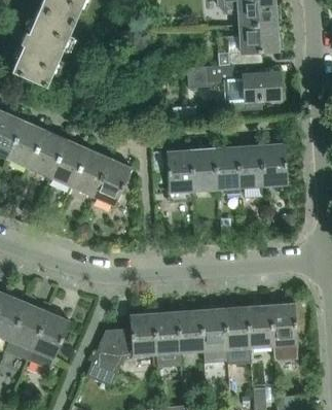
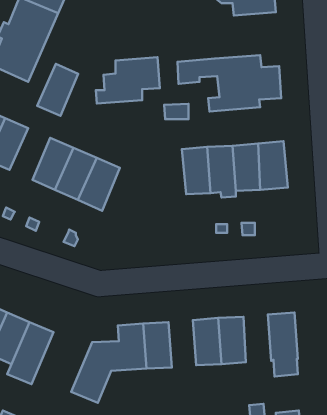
building: [219,22,279,65] -> [96,57,160,103]
building: [29,130,67,178] -> [37,64,78,116]
building: [167,149,193,194] -> none
building: [247,304,272,348] -> none
building: [177,309,202,353] -> none

